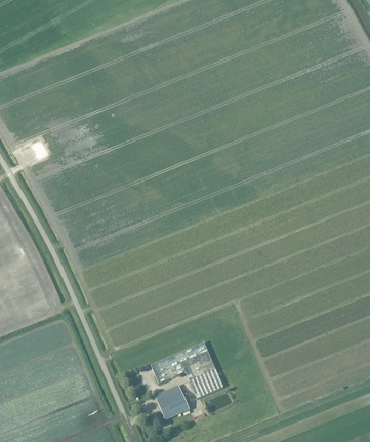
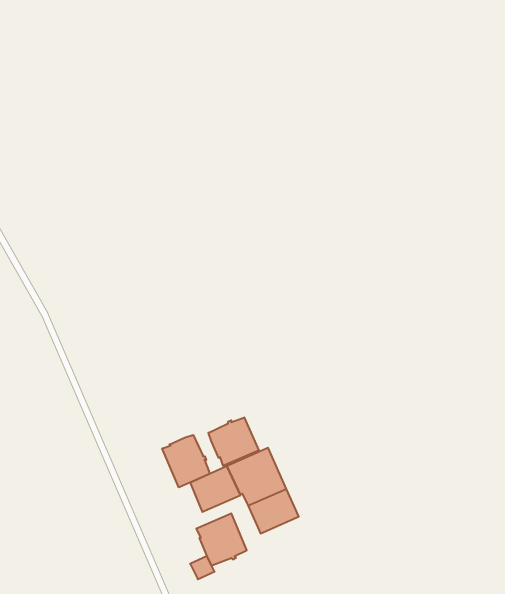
building: none -> [208,417,259,466]
building: none -> [162,435,210,487]

